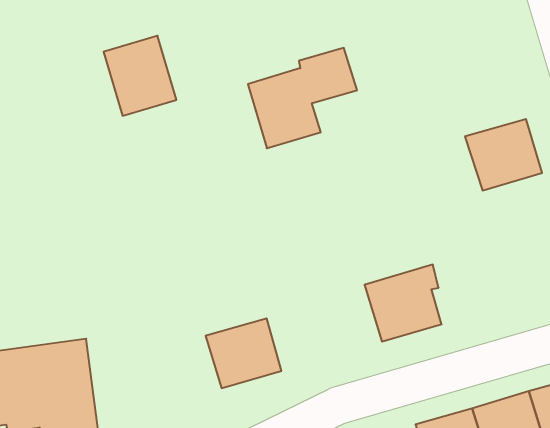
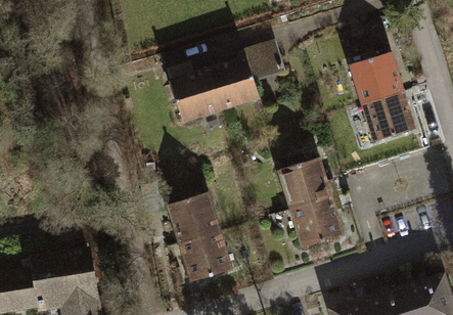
building: [104,36,176,116] -> [170,66,221,123]
building: none -> [349,53,403,103]
building: none -> [277,154,337,208]
building: none -> [167,193,221,243]

